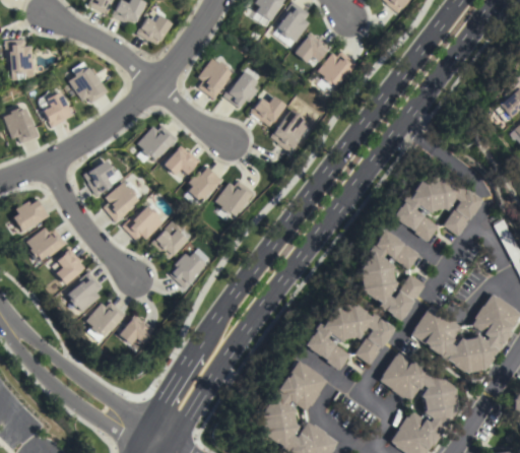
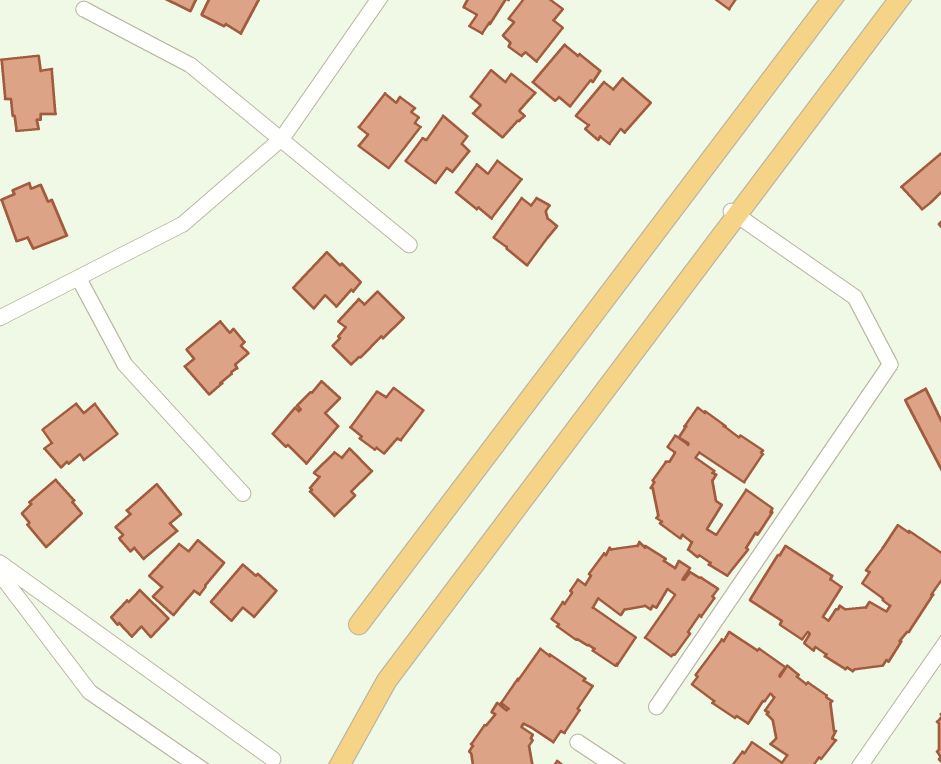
building: [138,15,173,46] -> none
building: none -> [471,70,535,137]
building: [69,62,110,104] -> none
building: [43,91,74,127] -> none
building: [138,125,178,160] -> none
building: [84,160,116,196] -> none
building: [392,175,482,242] -> none
building: [215,181,255,216] -> [350,388,423,453]
building: [13,199,51,232] -> none
building: [123,206,164,241] -> none
building: [53,249,85,285] -> [22,480,82,547]
building: none -> [111,590,168,637]

